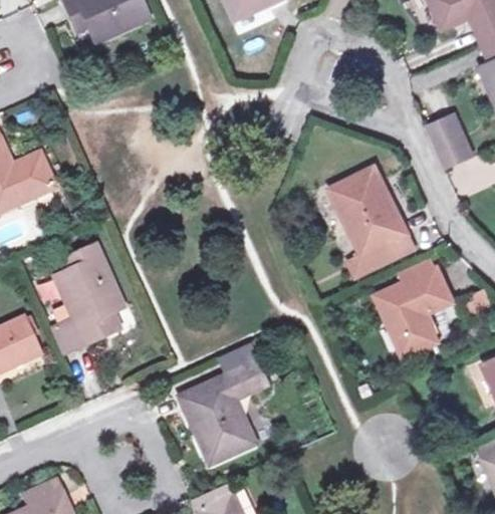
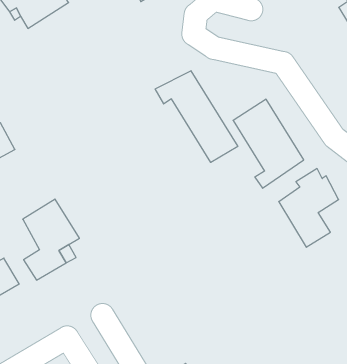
building: [425,111,471,168] -> none
building: none -> [155,71,238,162]
building: [182,345,268,463] -> none

